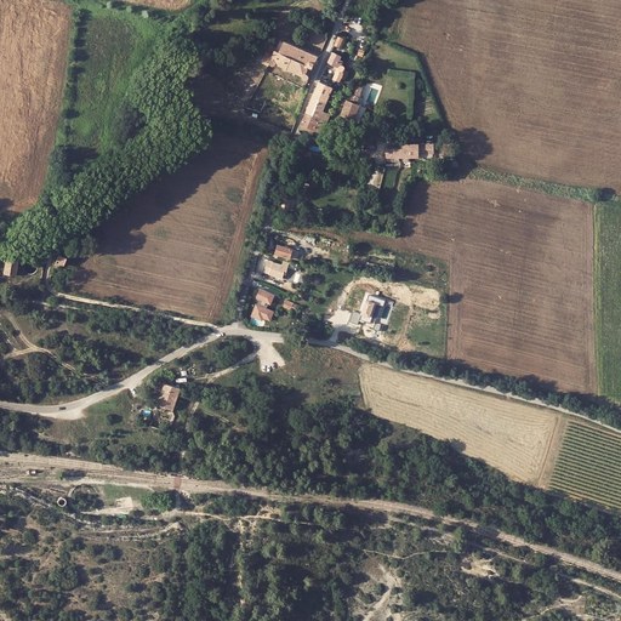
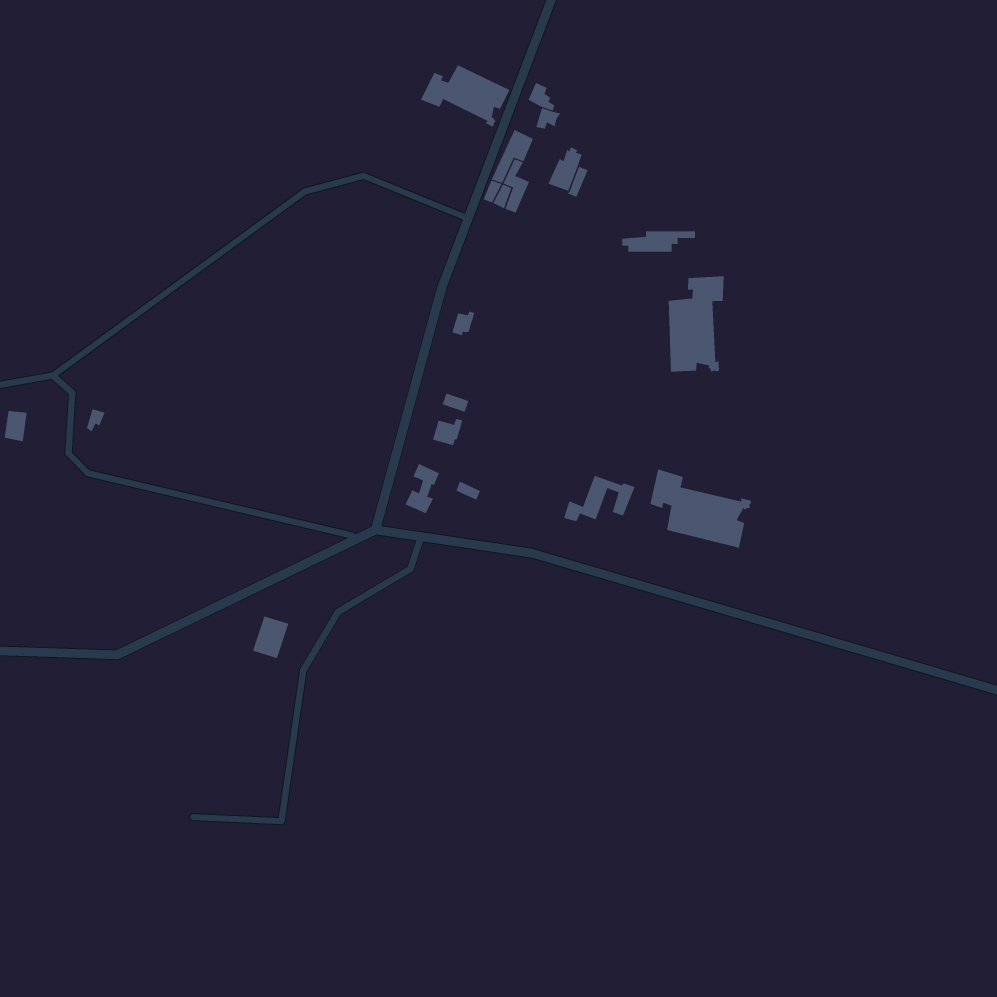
building: none -> [668,275,724,372]
building: none -> [650,468,752,548]

